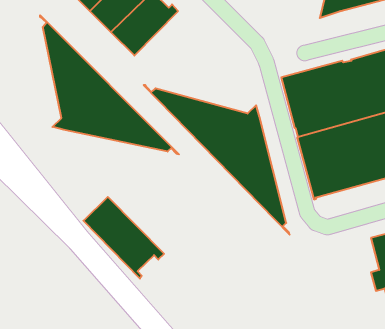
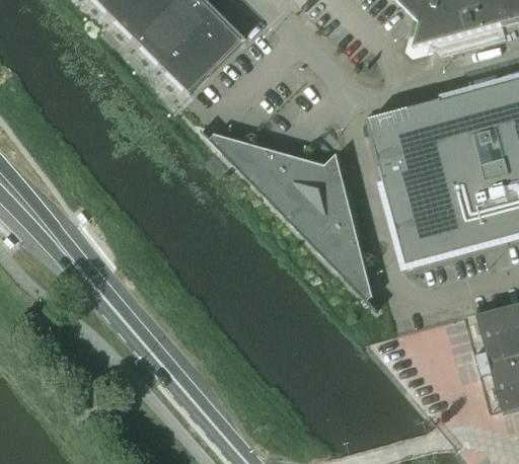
building: [40,15,179,154] -> none
building: [83,197,164,279] -> none

